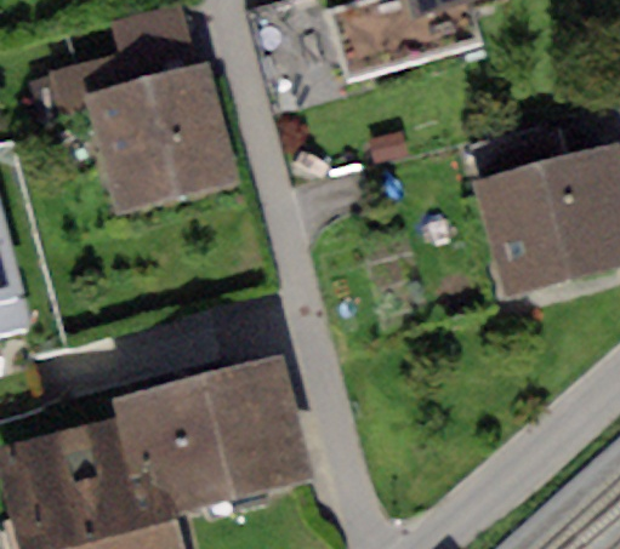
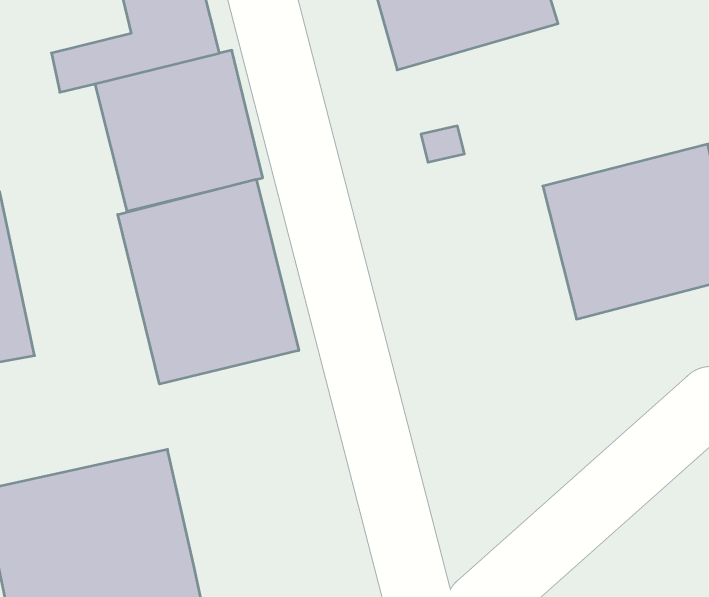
building: none -> [118,179,299,384]
building: [142,354,309,514] -> none

